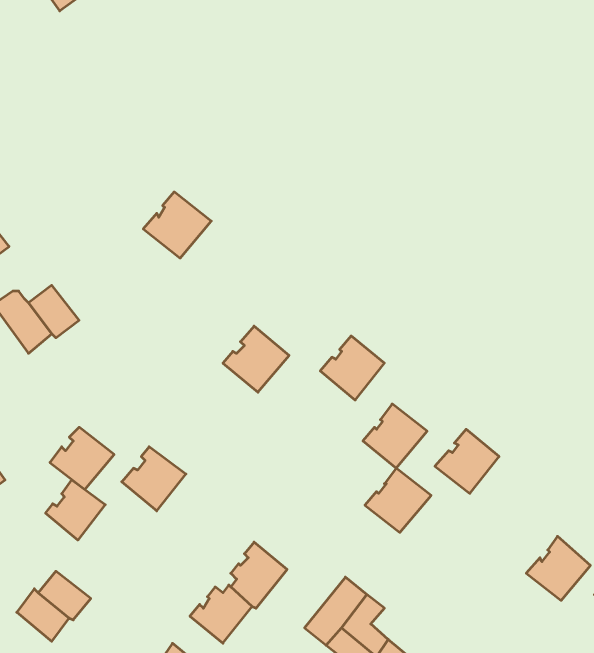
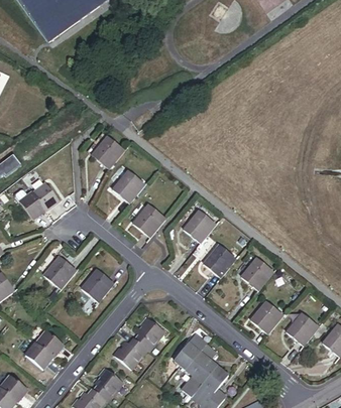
building: none -> [111,170,145,205]
building: [365,468,431,532] -> [251,301,286,334]
building: [46,480,105,540] -> none

